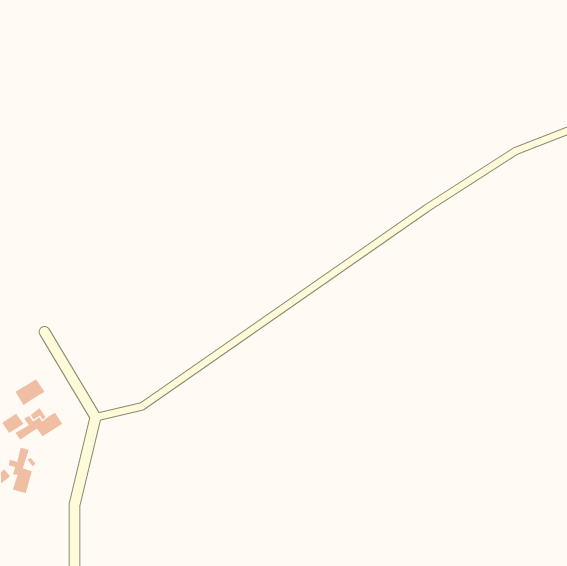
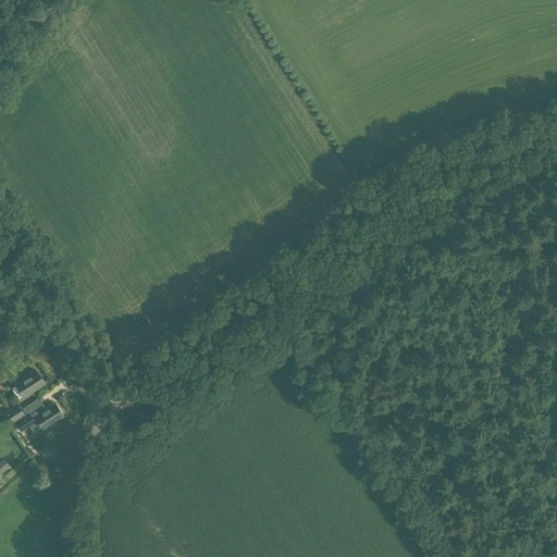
building: [8,447,33,494] -> none

